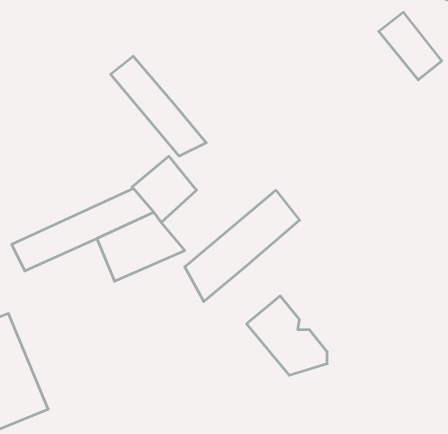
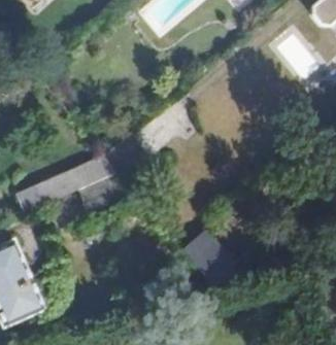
building: [111,56,206,156] -> none
building: [185,190,300,302] -> none

